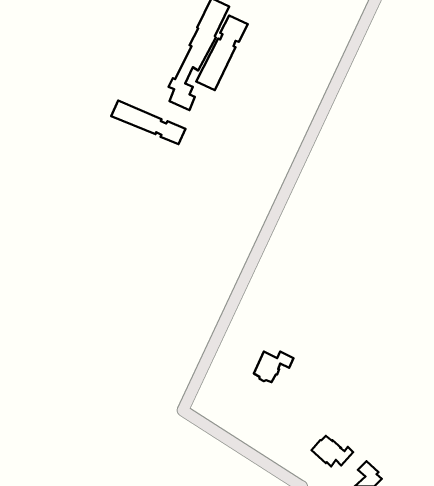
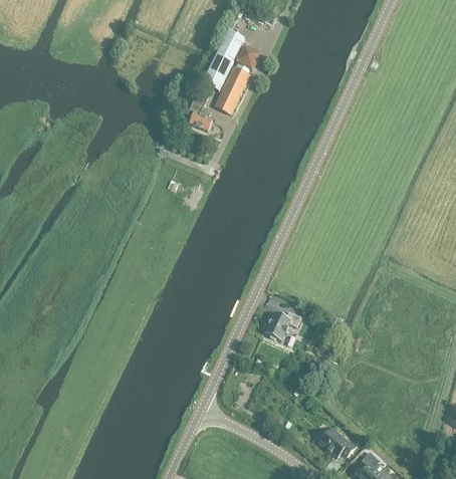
building: [111,101,186,144] -> none
building: [254,351,294,382] -> [264,311,300,339]

